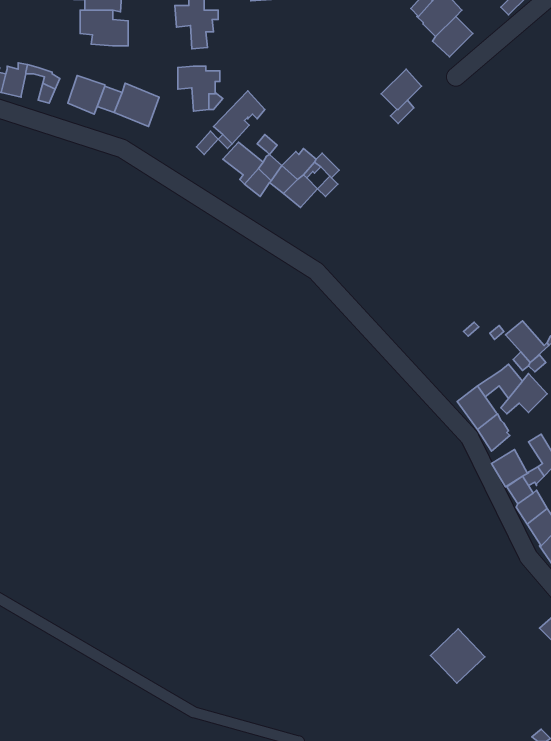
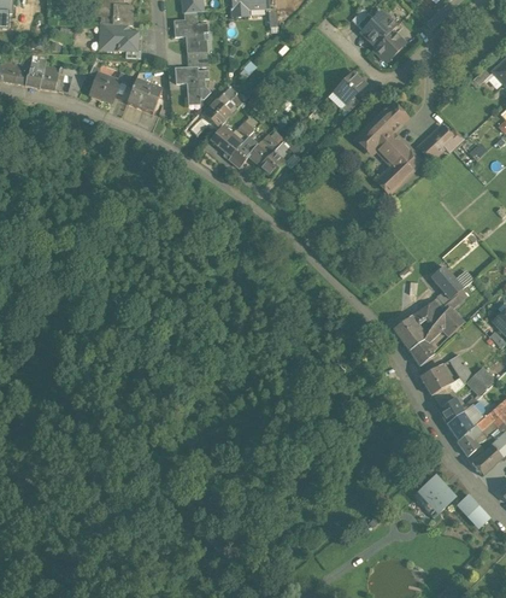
building: none -> [354,101,420,193]
building: none -> [418,124,453,158]
building: [430,629,485,683] -> [413,474,455,516]

